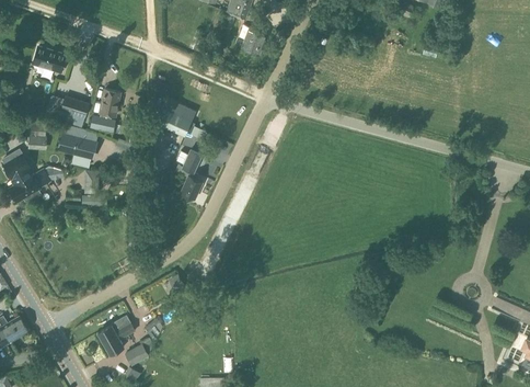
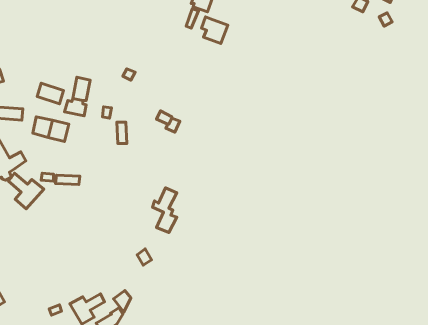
building: [34,46,66,70] -> none
building: [158,107,192,135] -> none
building: [176,149,203,197] -> [152,188,177,233]
building: none -> [8,173,44,209]

